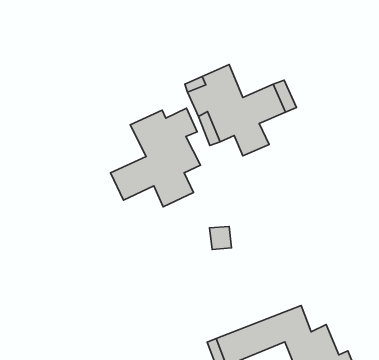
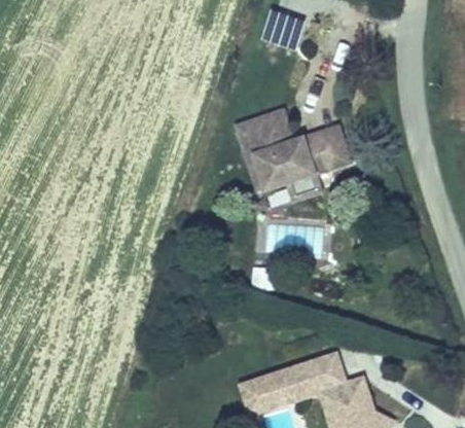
building: [111,108,200,207] -> none

